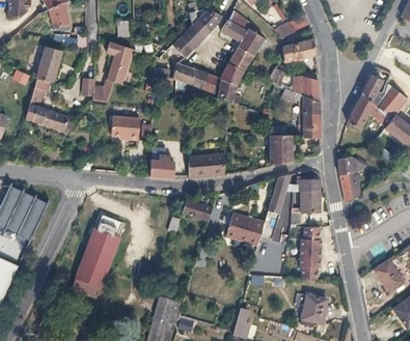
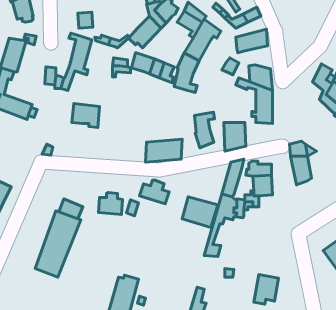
building: [347,93,373,130] -> none
building: none -> [195,112,215,148]
building: [149,155,174,178] -> [99,193,122,214]
building: [301,227,321,280] -> none

